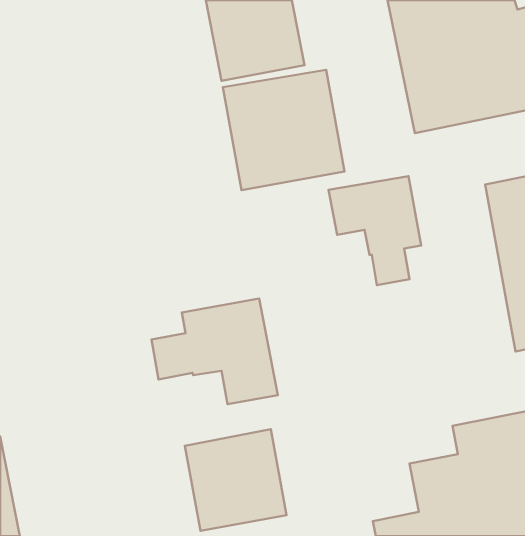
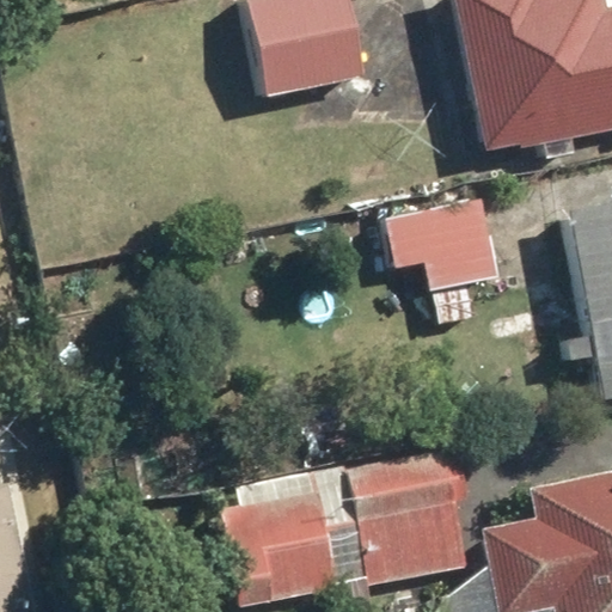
building: [223,70,345,190] -> none
building: [152,298,278,404] -> none
building: none -> [349,443,470,585]

